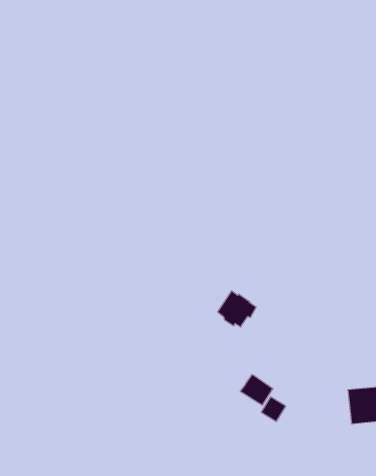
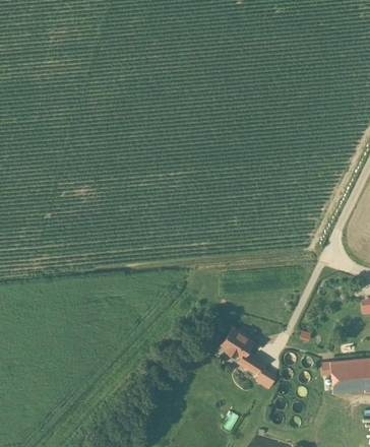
building: [218,291,256,327] -> [219,327,252,359]

